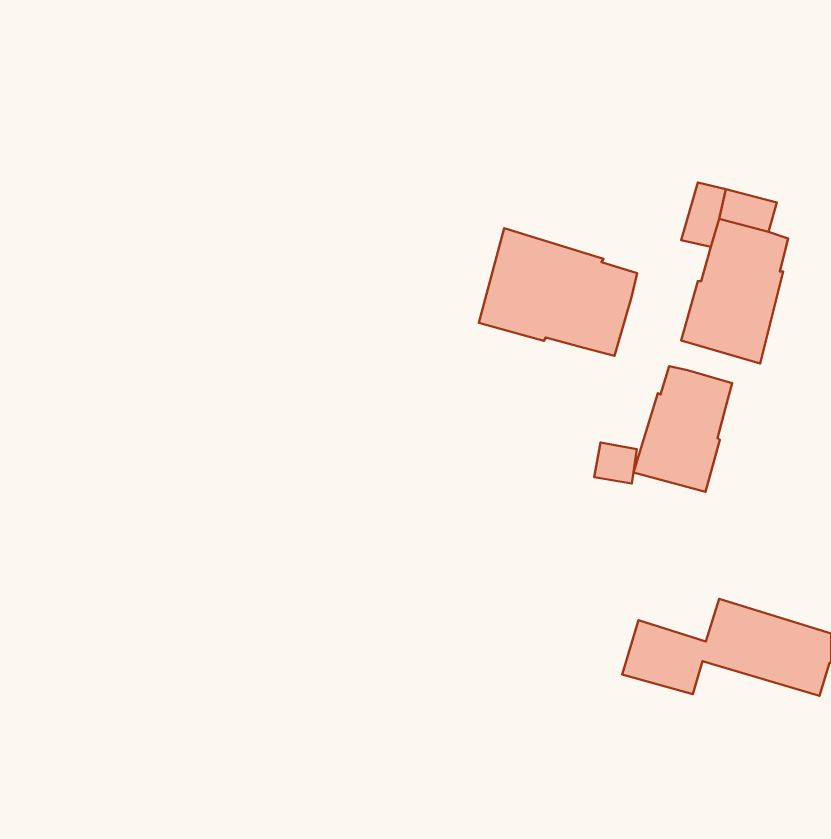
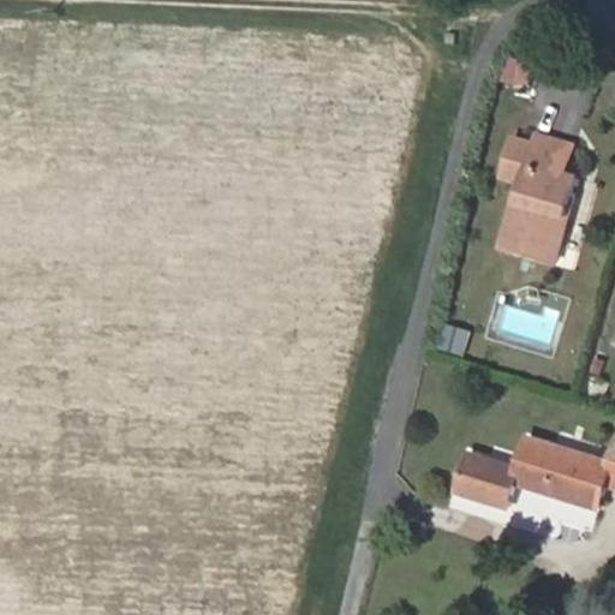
building: [479,228,637,356] -> none
building: [633,366,732,492] -> none

